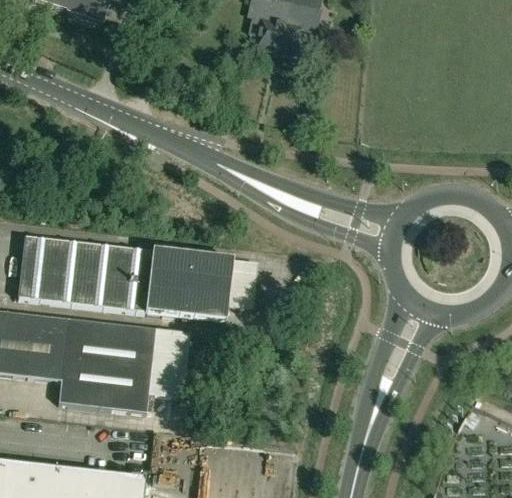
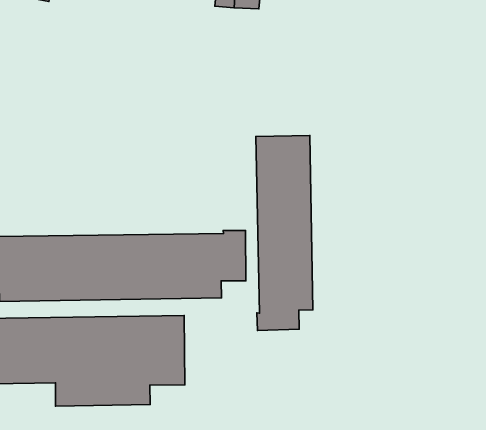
building: none -> [256,136,313,331]

